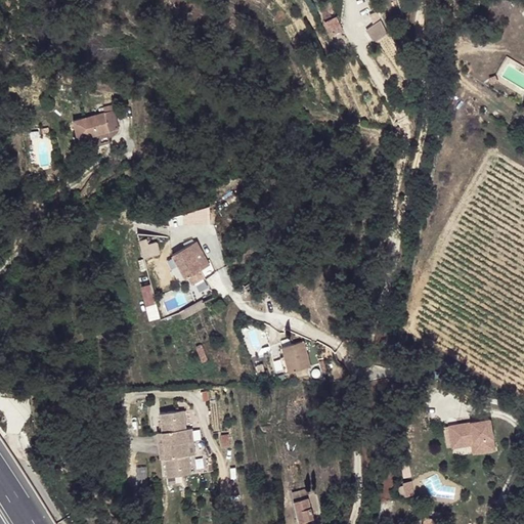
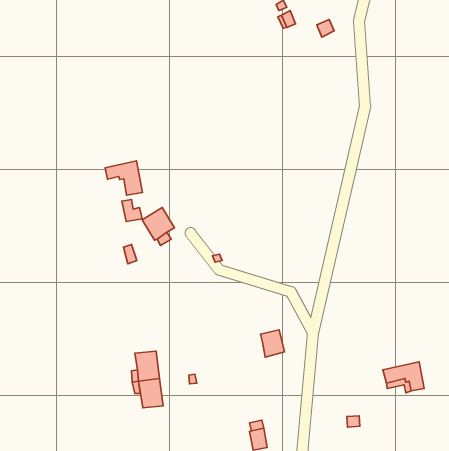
building: [79,114,116,139] -> none
building: none -> [105,161,142,195]
building: [280,339,308,370] -> [261,330,284,357]

